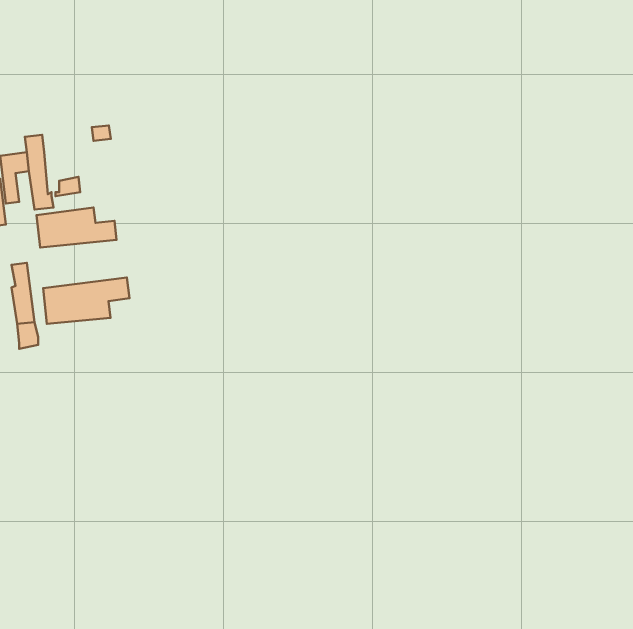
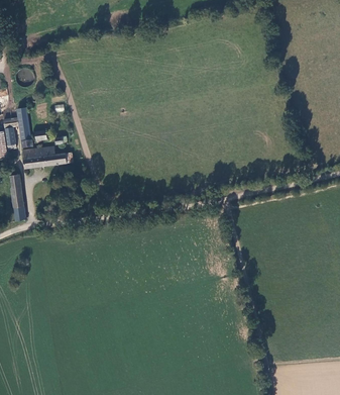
building: [43,277,130,324] -> none

